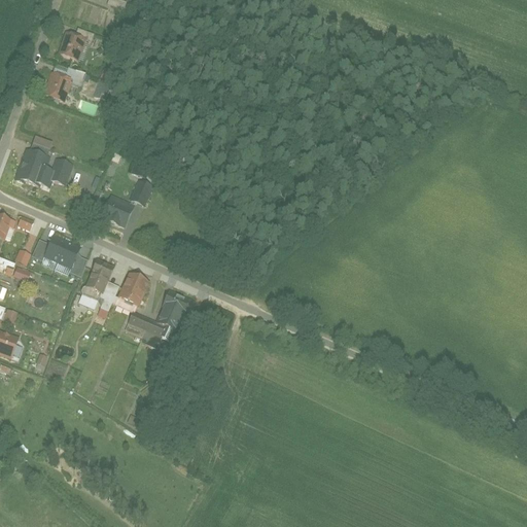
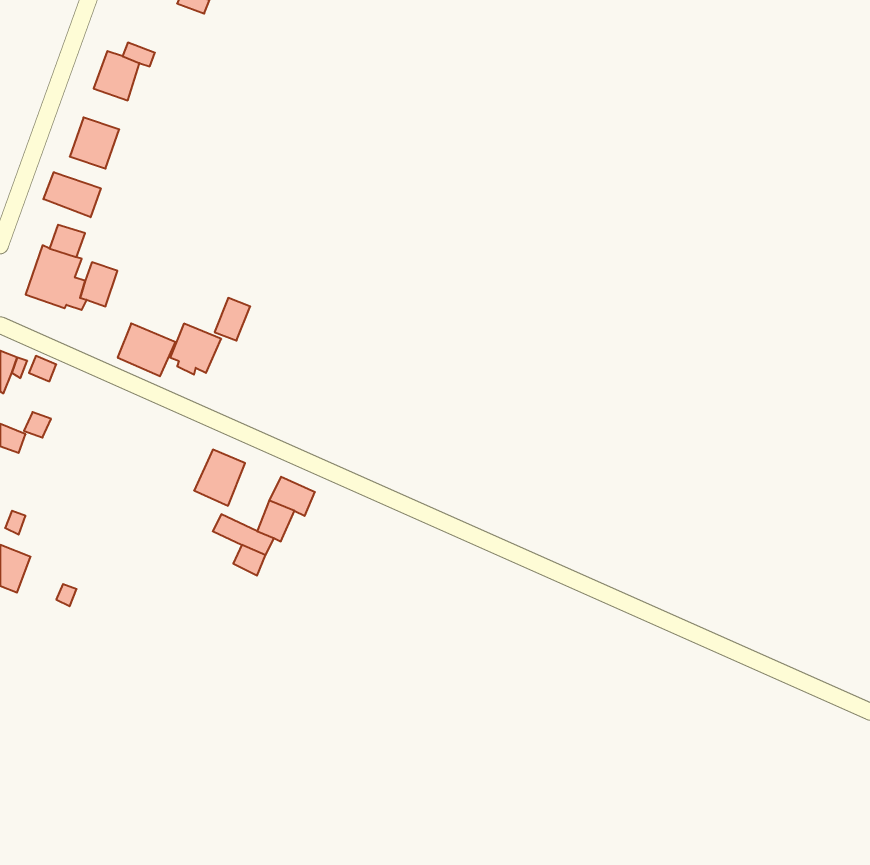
building: none -> [43,172,101,217]
building: [45,236,80,268] -> [118,323,175,376]
building: [85,258,114,293] -> none

